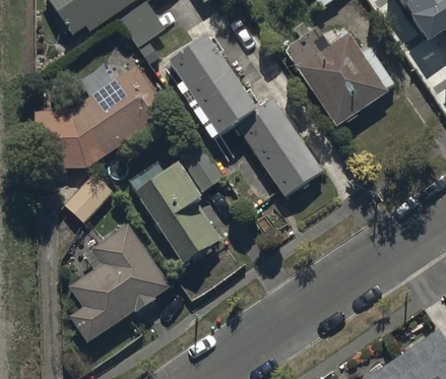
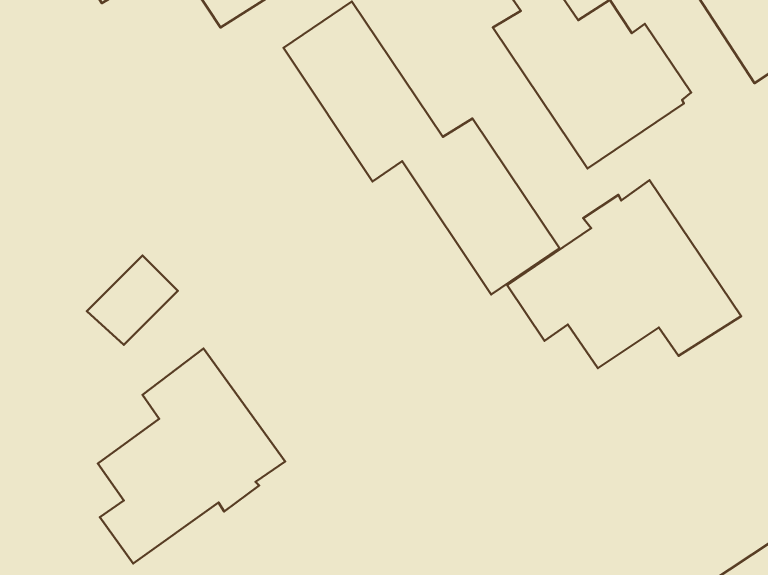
building: [35,65,179,168] -> none
building: none -> [507,180,741,368]
building: [136,148,224,263] -> none

